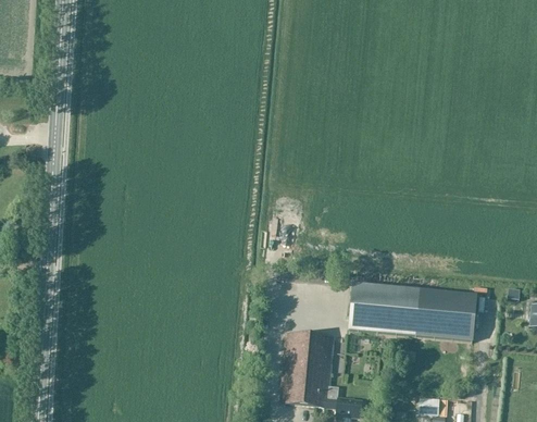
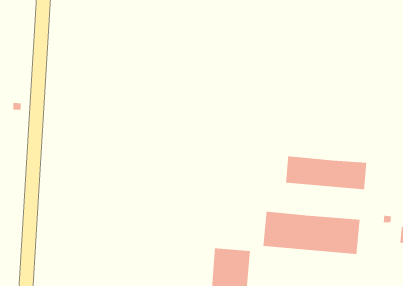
building: none -> [285,155,367,190]

